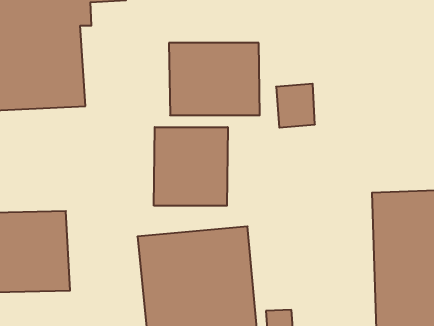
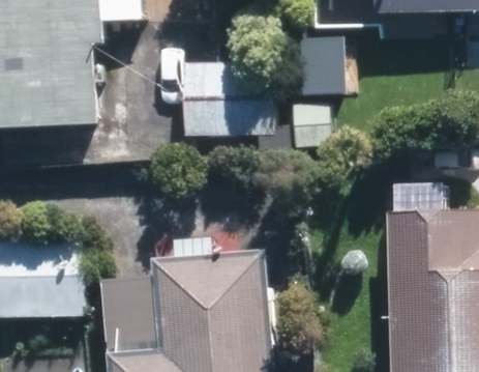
building: [154,127,228,206] -> none

